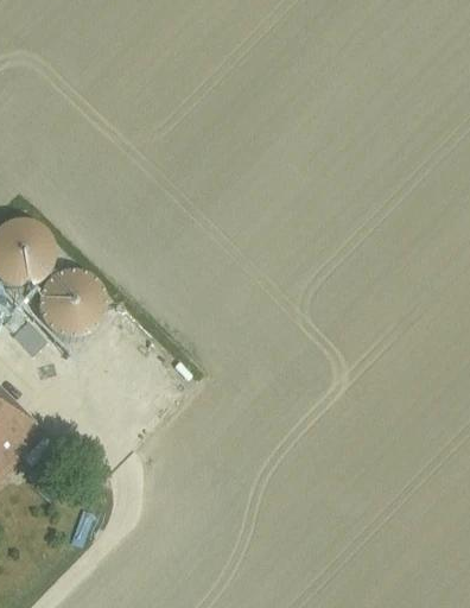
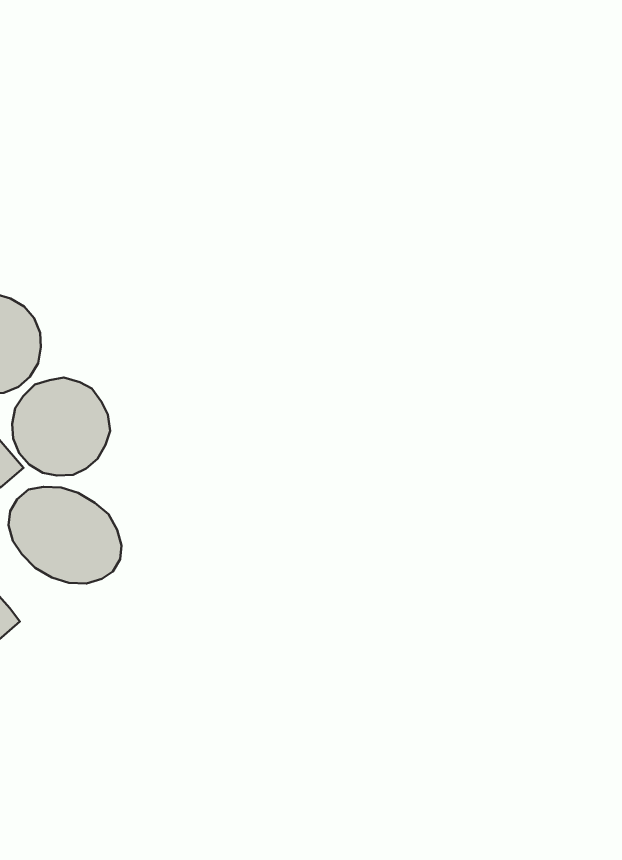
building: none -> [9,487,121,584]

